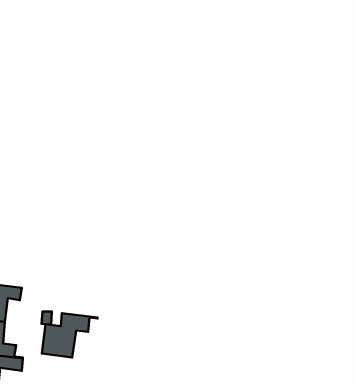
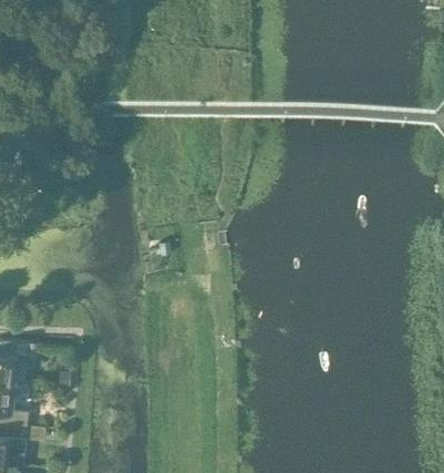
building: [42,313,98,358] -> none

